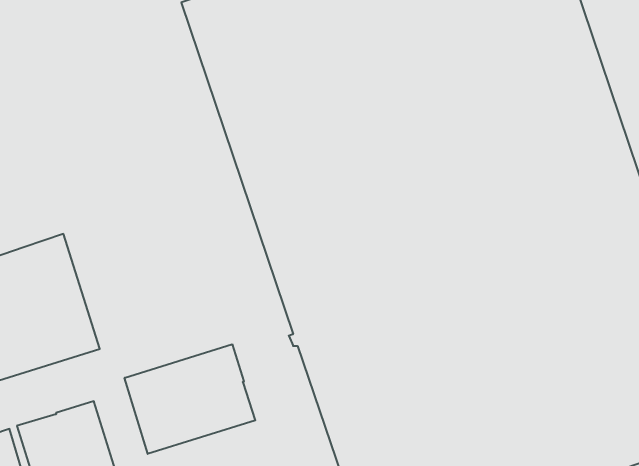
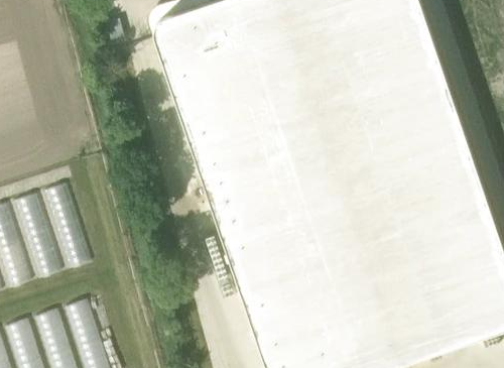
building: [125,344,255,454] -> none

